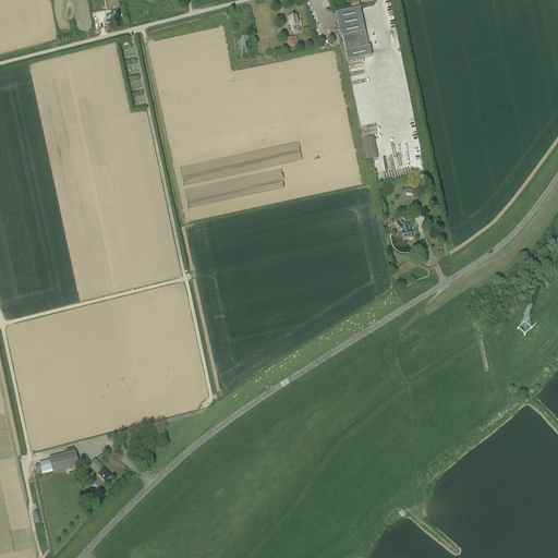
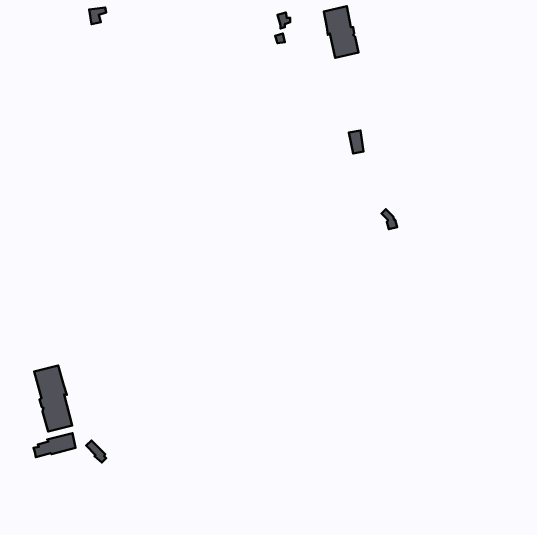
building: none -> [34,365,72,432]

